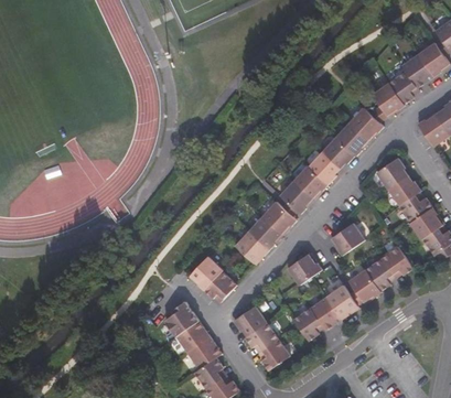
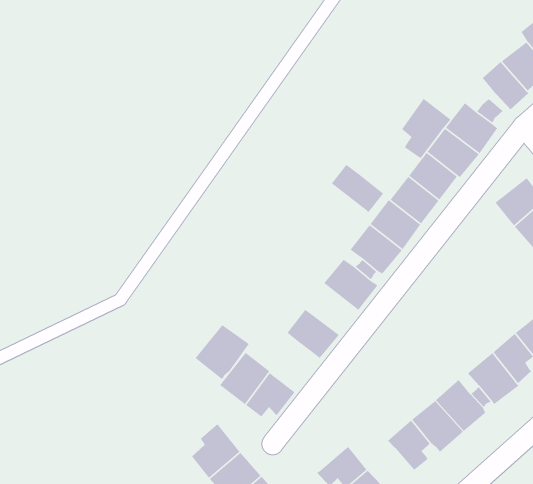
building: none -> [401,98,452,159]
building: none -> [331,164,384,213]
building: [247,216,281,250] -> none
building: [329,224,364,257] -> none
building: none -> [195,324,250,380]
building: [287,254,321,286] -> none
building: [234,305,267,336] -> none

